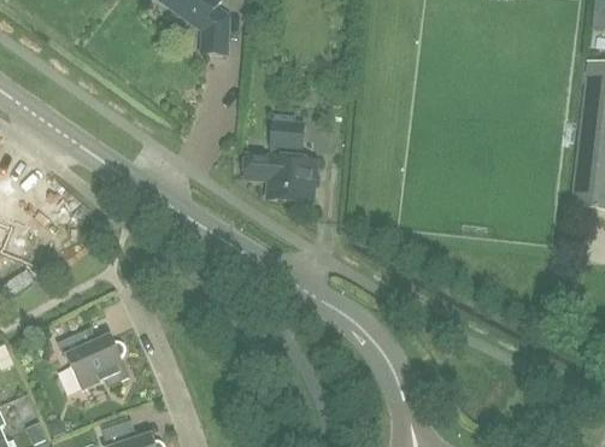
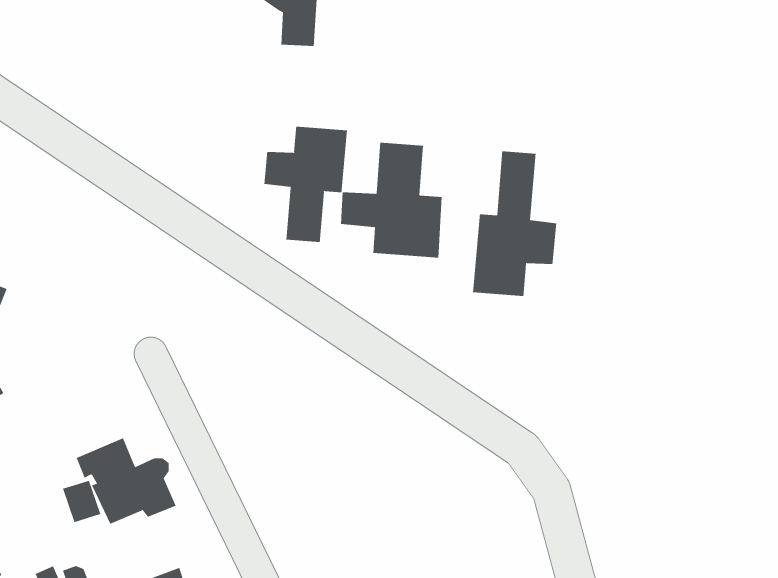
building: none -> [264,126,348,243]
building: none -> [472,150,557,297]

